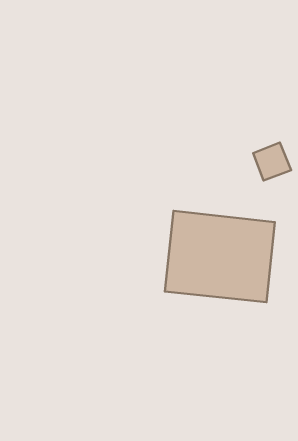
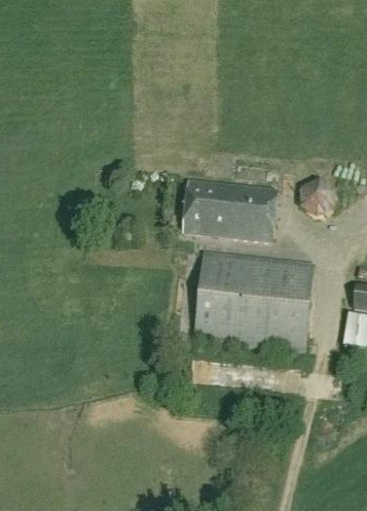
building: none -> [183,181,278,242]

